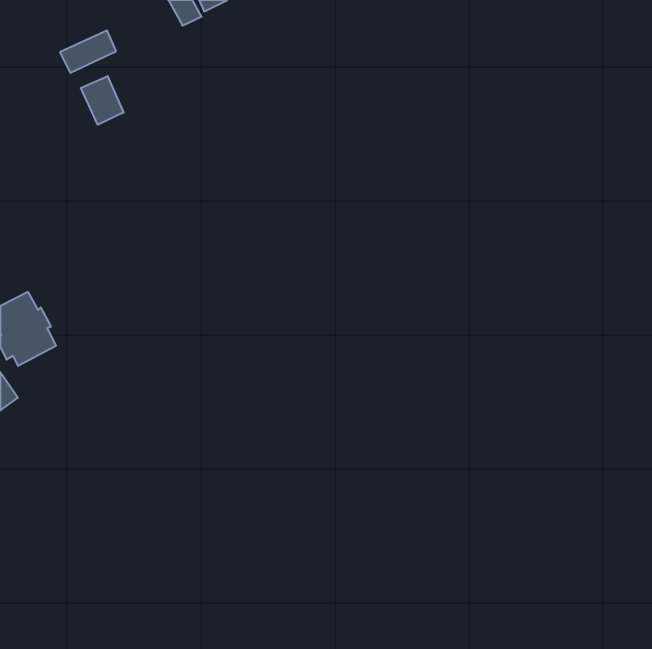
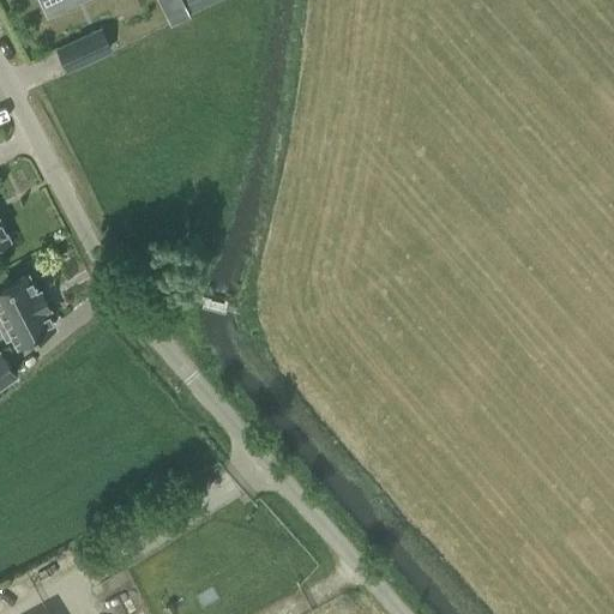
building: [81,76,124,125] -> none

